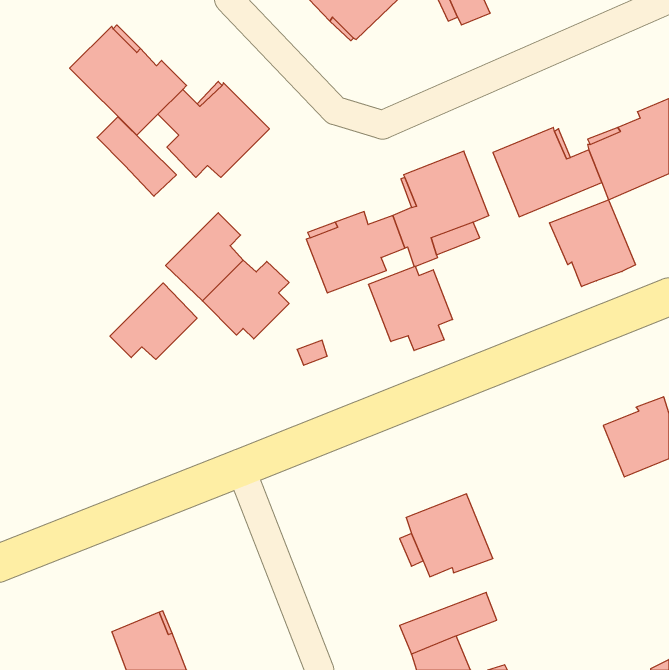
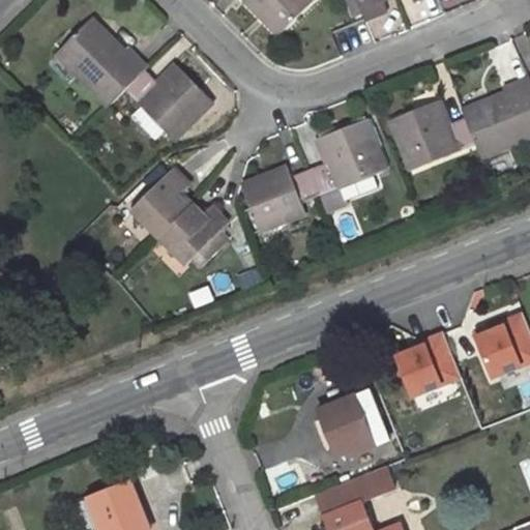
building: [97,117,176,196] -> none
building: [550,200,635,287] -> none
building: [369,266,453,351] -> none
building: [110,283,197,359] -> none
building: none -> [395,333,460,396]

